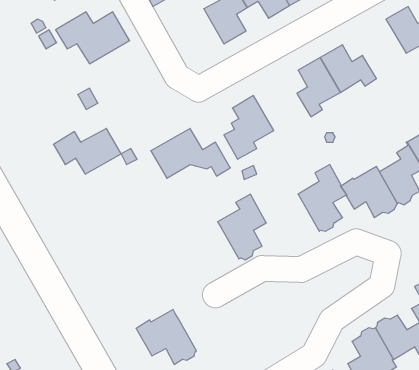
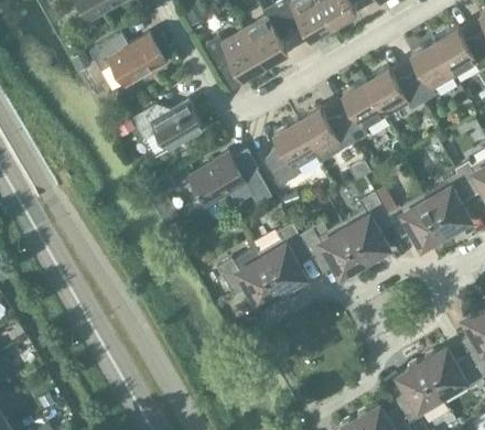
building: none -> [205,30,265,79]
building: none -> [409,41,454,103]
building: none -> [295,107,355,157]
building: [53,128,121,174] -> [133,101,204,149]
building: none -> [299,222,364,275]
building: [136,309,196,364] -> [217,247,280,304]

